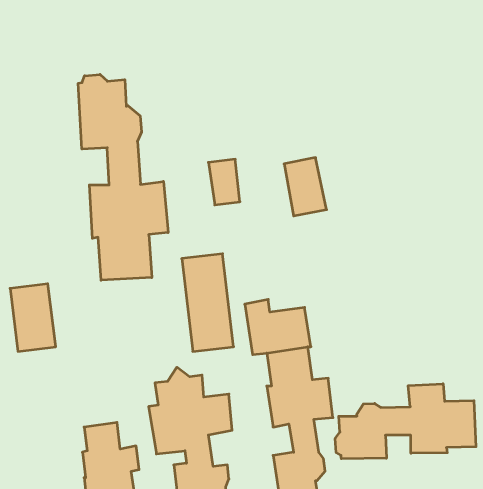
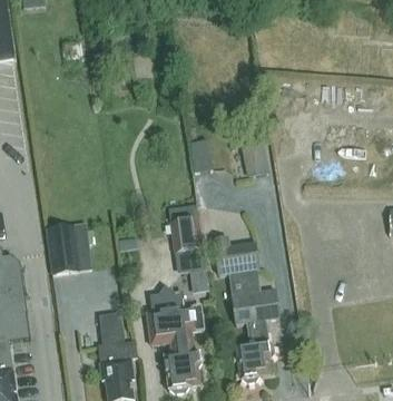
building: [78,74,168,280] -> none
building: [335,384,476,459] -> none

